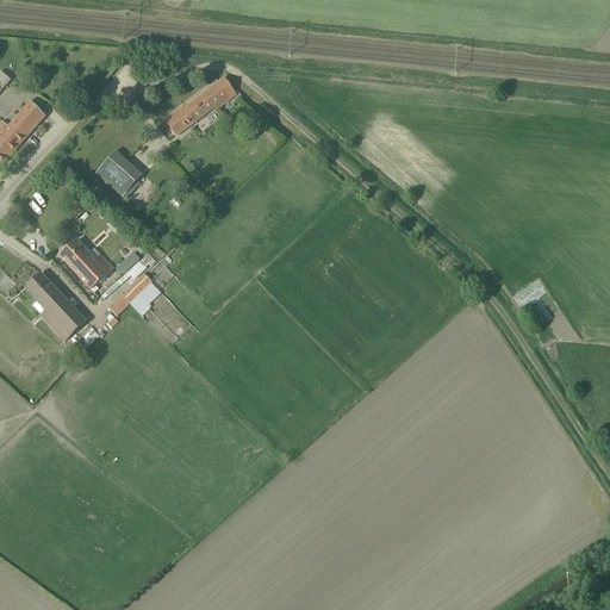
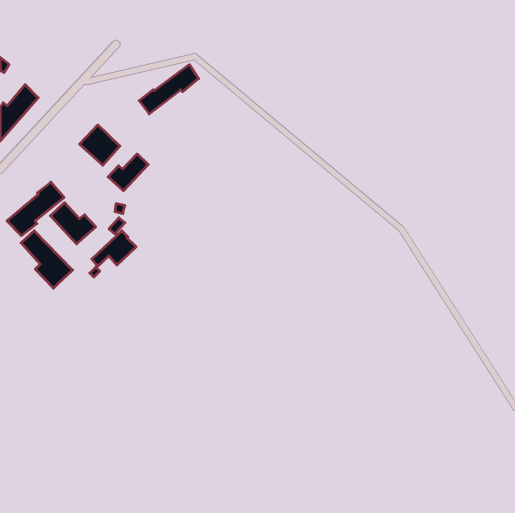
building: none -> [108,154,148,191]
building: none -> [7,182,64,236]

